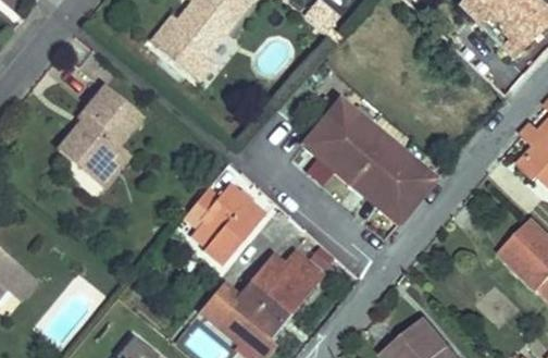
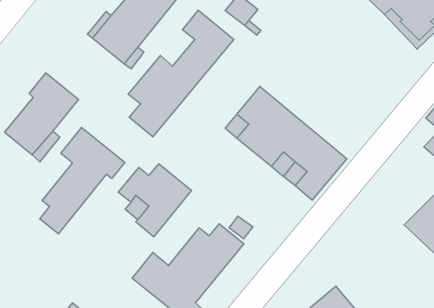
building: none -> [128,10,234,137]
building: none -> [40,128,125,234]

